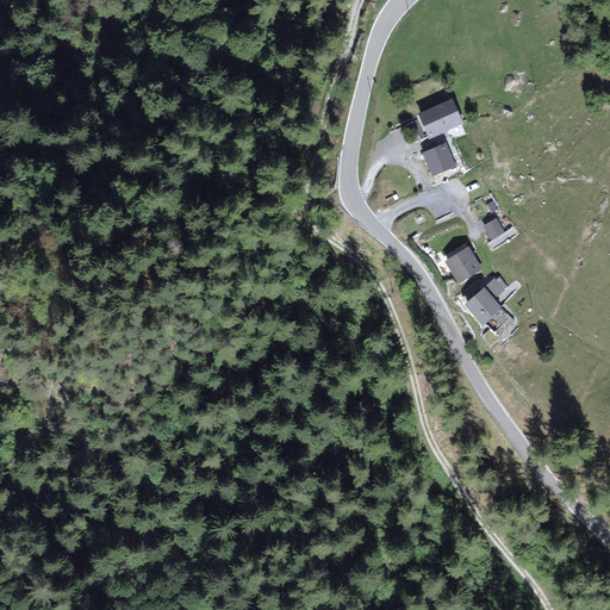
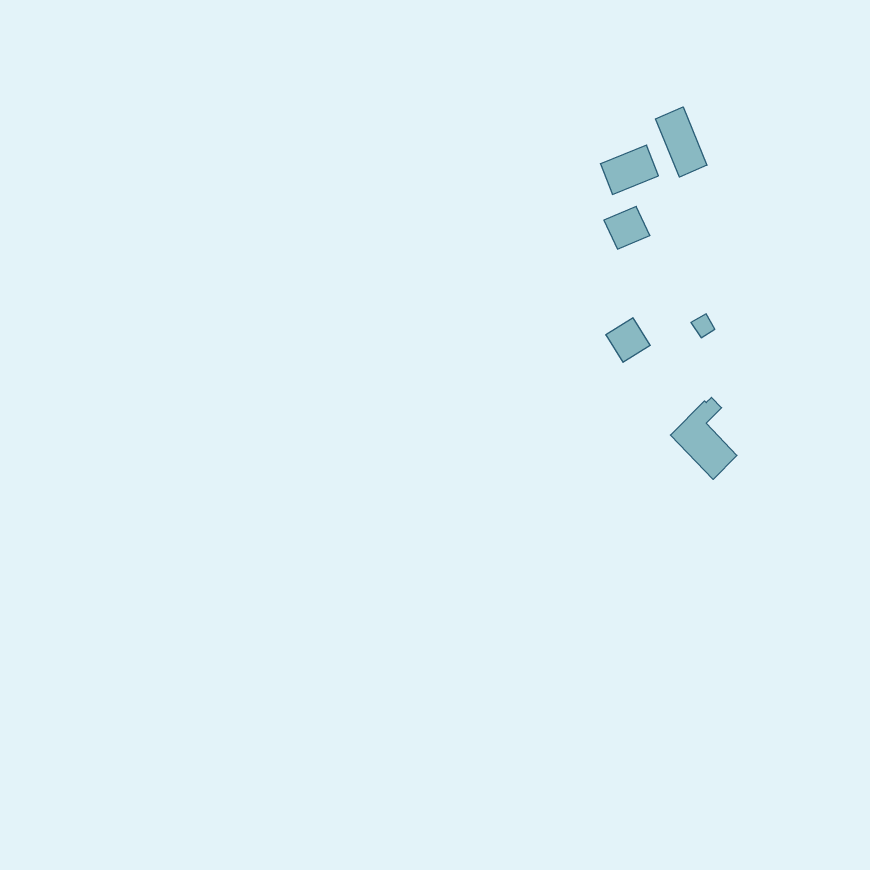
building: none -> [656,107,707,177]
building: [448,249,479,280] -> [606,318,650,362]

